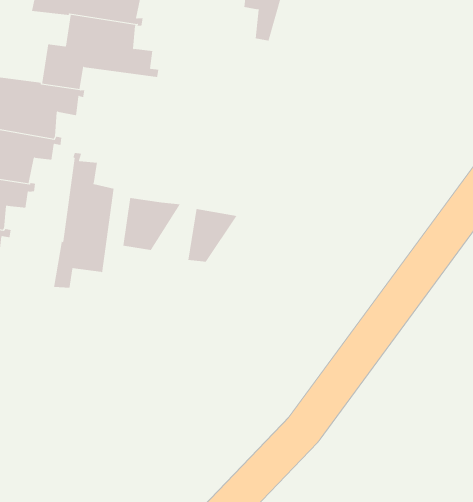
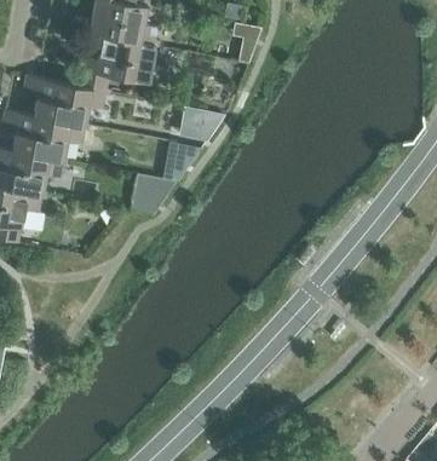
building: none -> [180,106,224,140]
building: [53,152,114,289] -> none
building: [187,208,238,262] -> [161,140,201,181]

